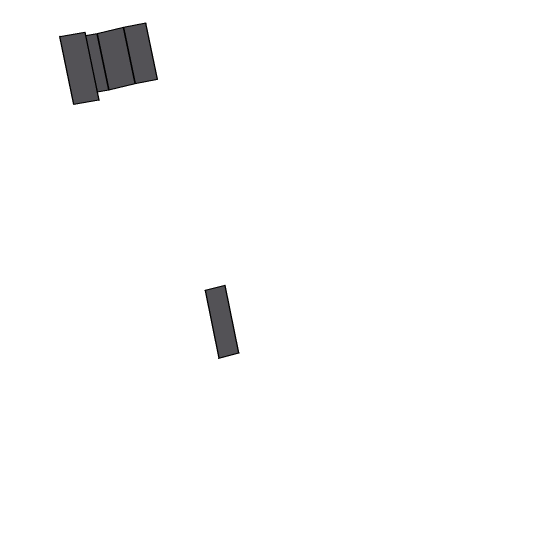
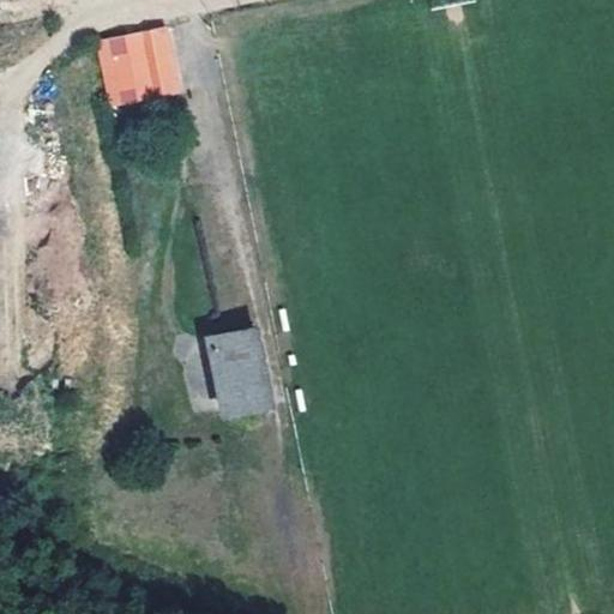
building: [60,32,99,104] -> none
building: none -> [209,331,248,413]

